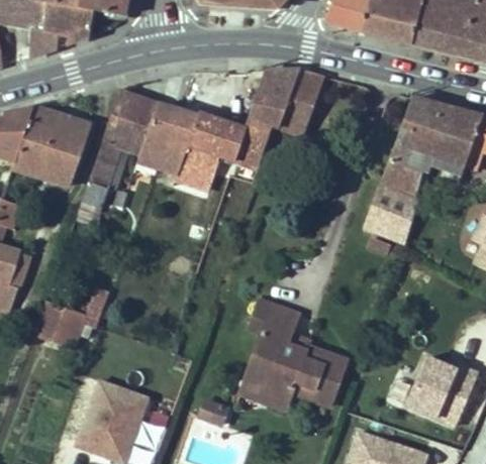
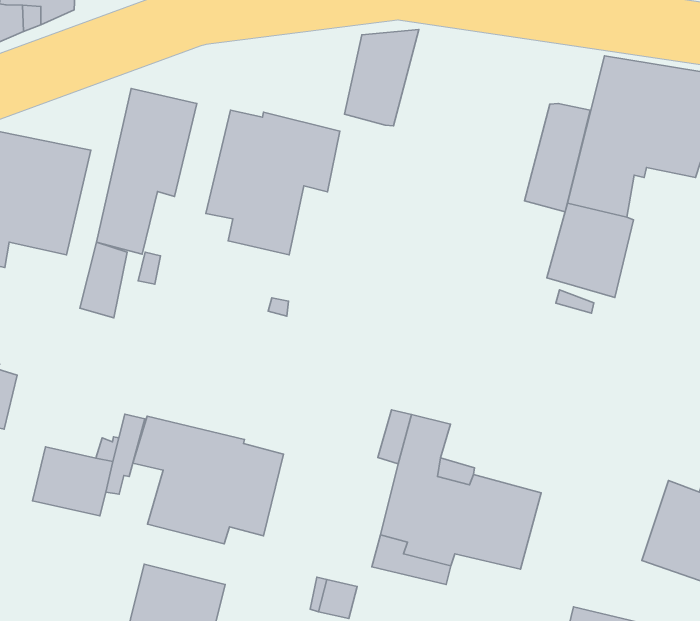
building: [278,69,323,135] -> [525,103,590,212]
building: [136,101,179,168] -> none
building: [233,116,273,170] -> none
building: none -> [133,416,284,544]

